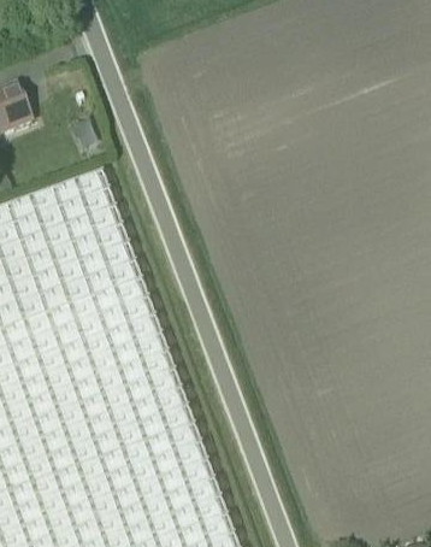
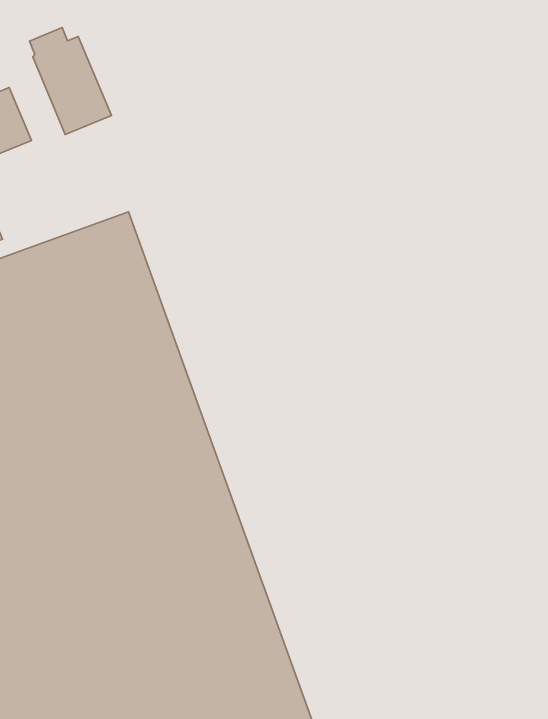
building: none -> [30,27,111,135]

